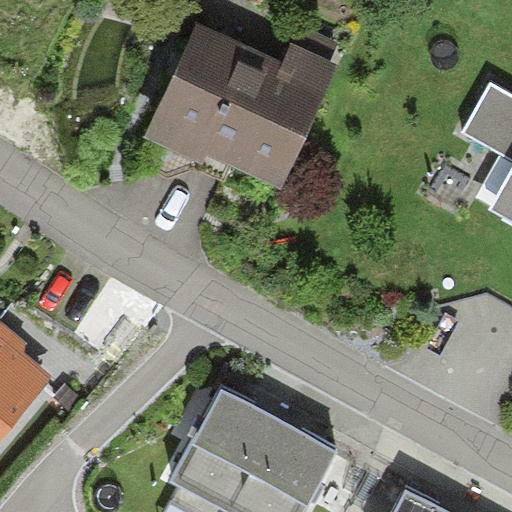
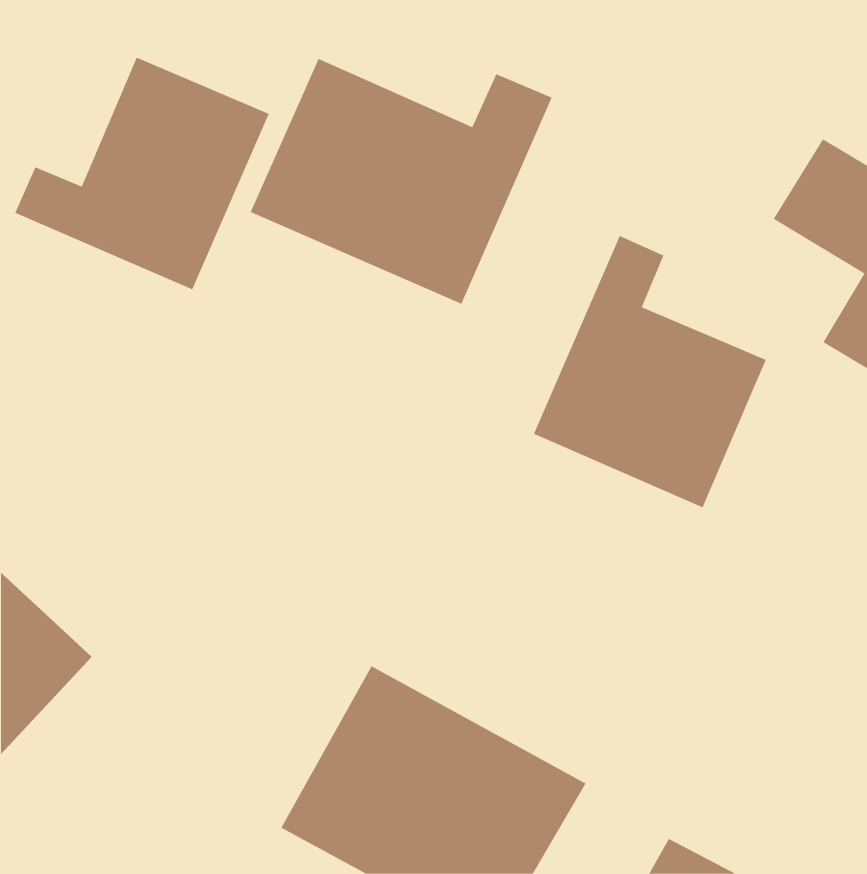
building: none -> [14,57,269,290]
building: none -> [533,235,766,508]

